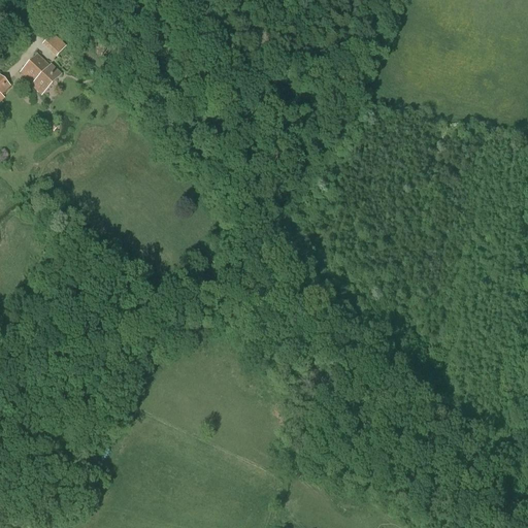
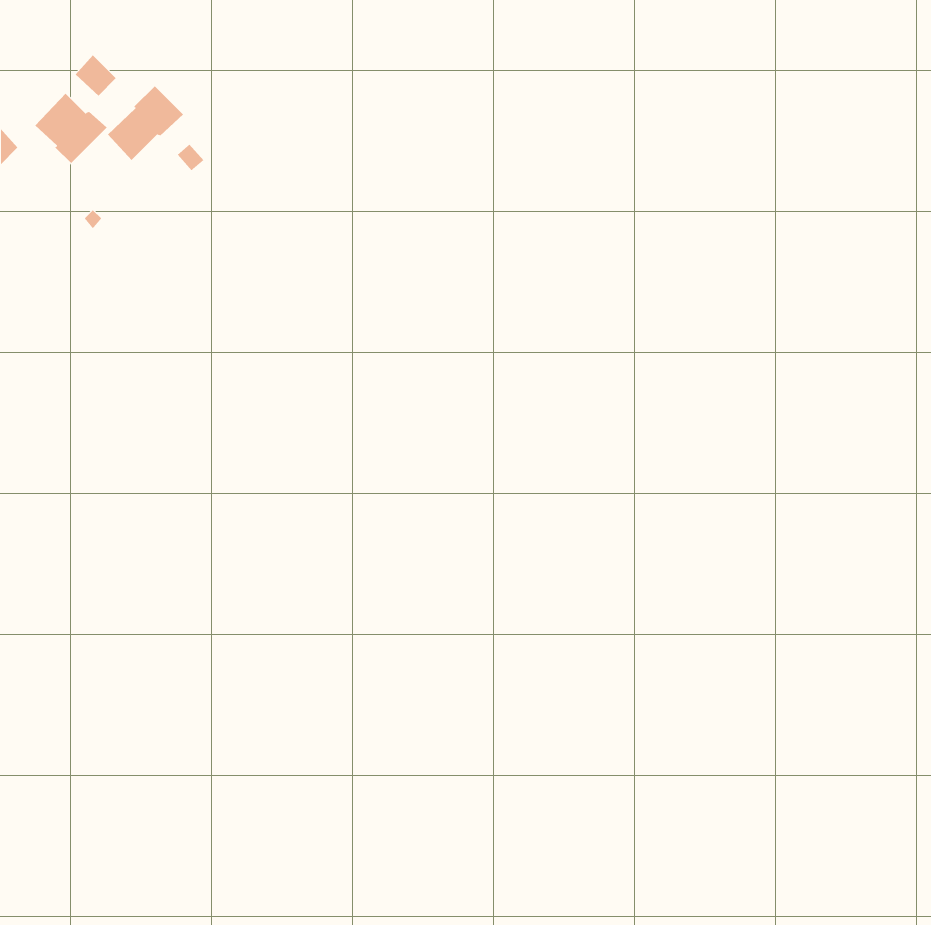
building: none -> [107,85,184,161]

